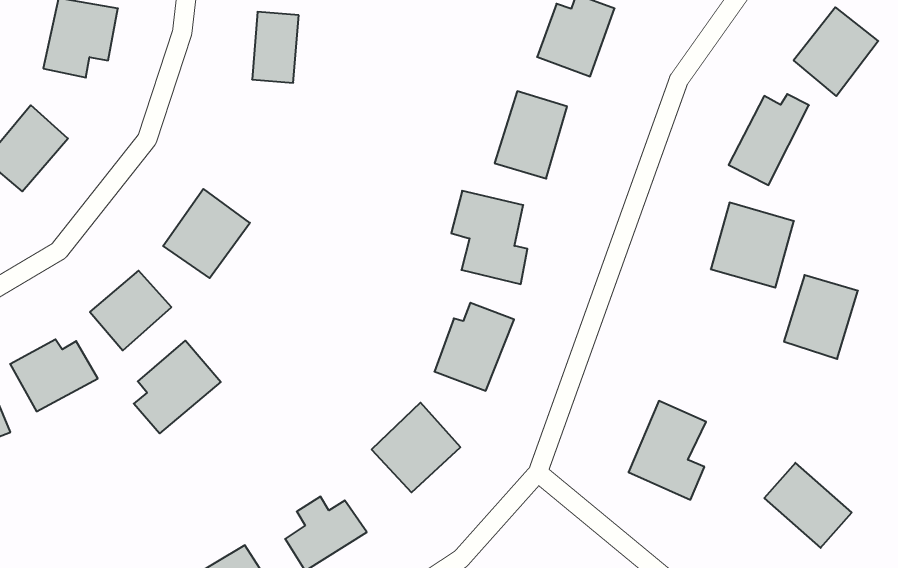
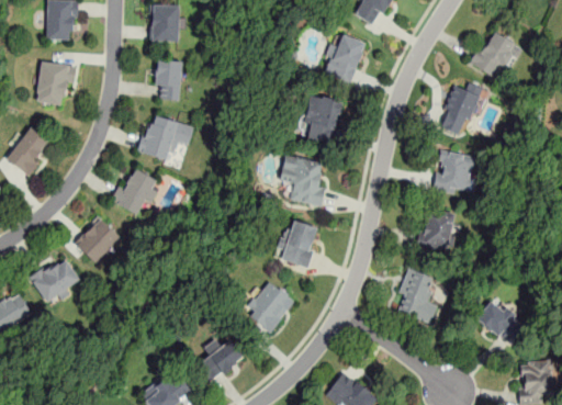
building: none -> [137,113,194,162]
building: [784,275,858,359] -> [417,206,458,254]
building: [134,341,221,433] -> none

